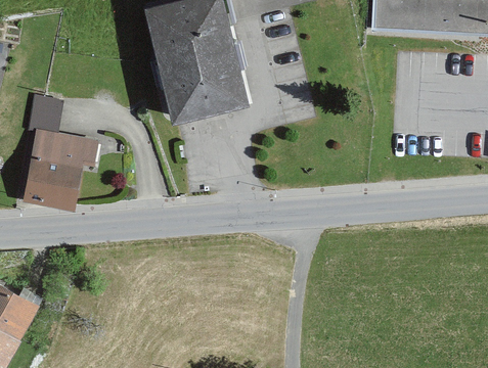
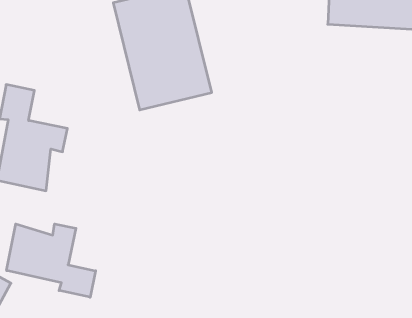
building: none -> [7,224,96,297]

